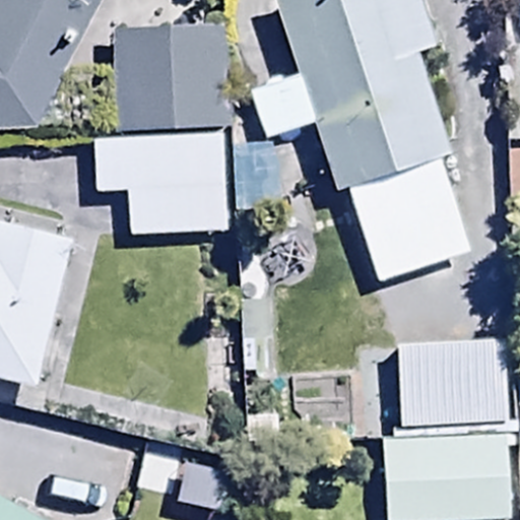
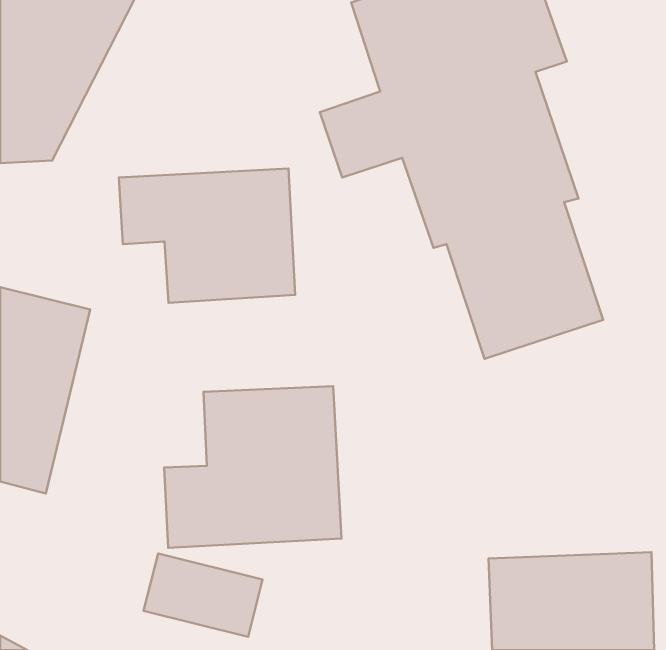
building: [113,25,229,125] -> none
building: none -> [164,386,342,548]
building: [395,337,508,428] -> none

